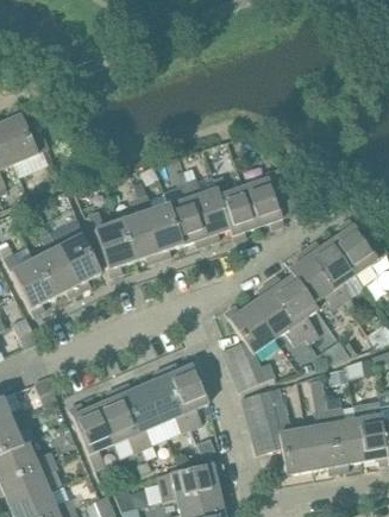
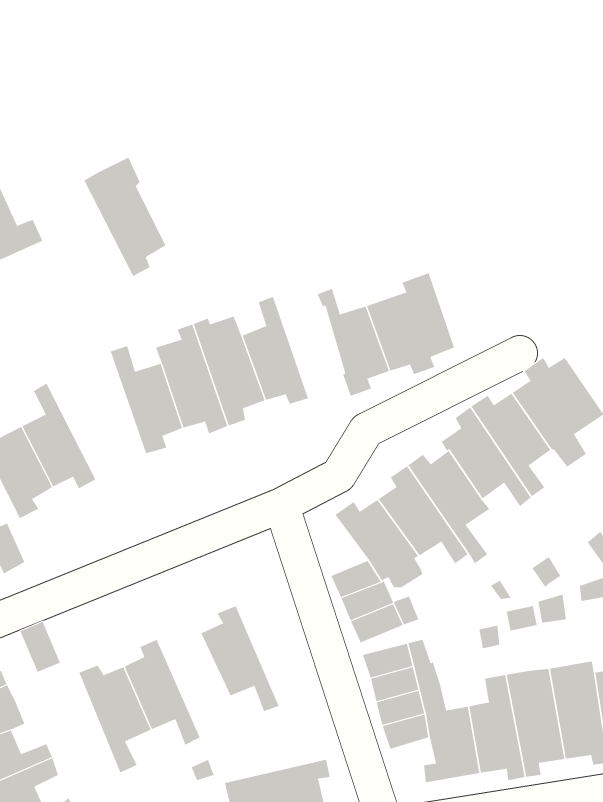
building: [187,177,230,242] -> none
building: [50,219,100,291] -> [83,157,166,277]
building: [164,362,208,428] -> none
building: [117,383,161,456] -> none

